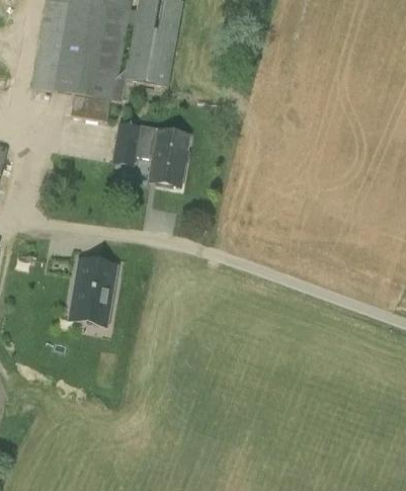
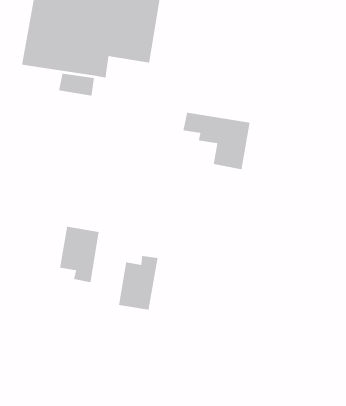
building: [115,124,188,186] -> [183,112,251,170]
building: none -> [118,255,159,311]

